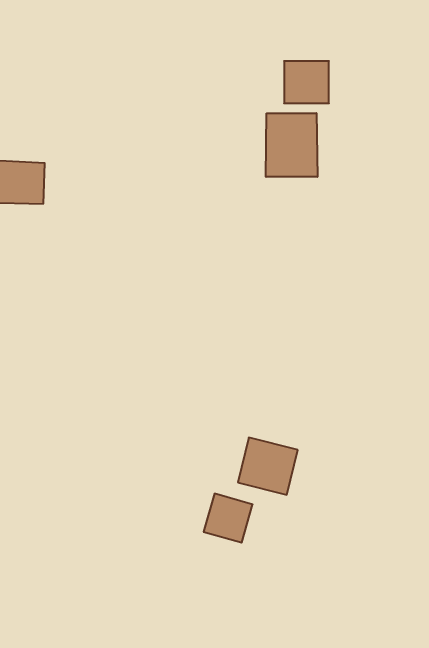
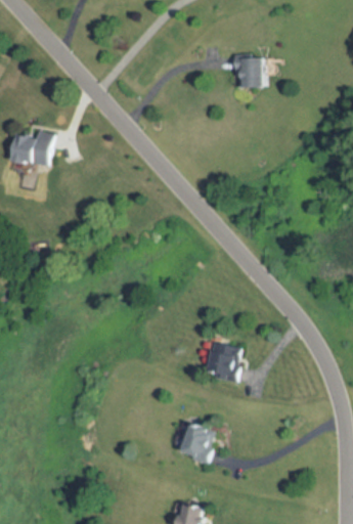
building: [266,113,317,177] -> none
building: [204,494,253,543] -> [181,426,218,463]

